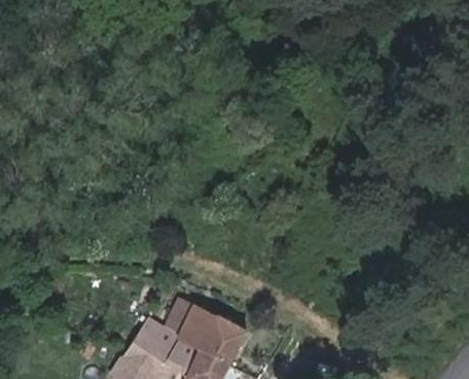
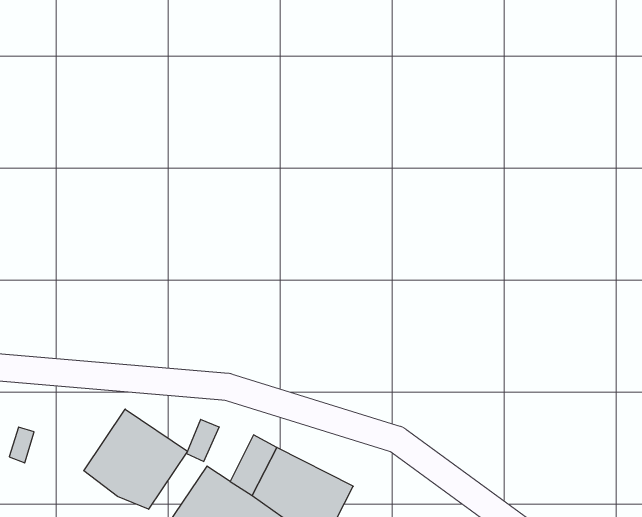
building: none -> [84,409,188,509]

